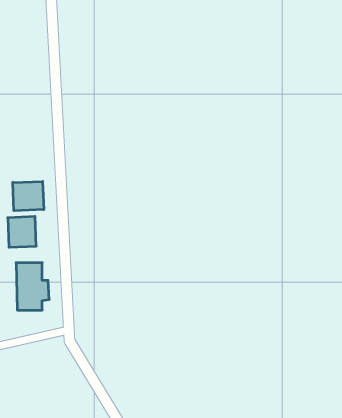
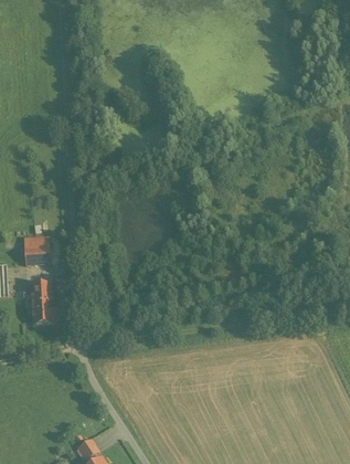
building: [13,181,44,211] -> none

